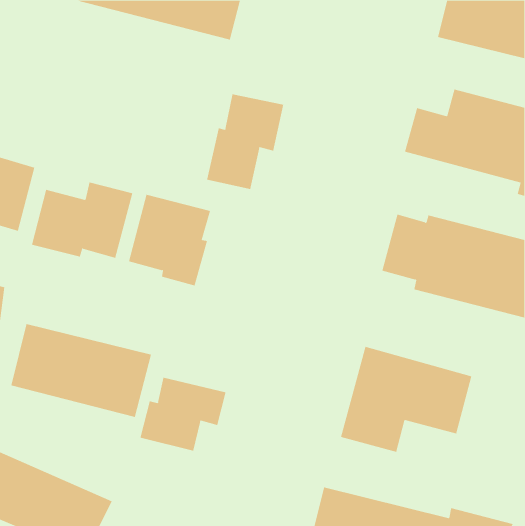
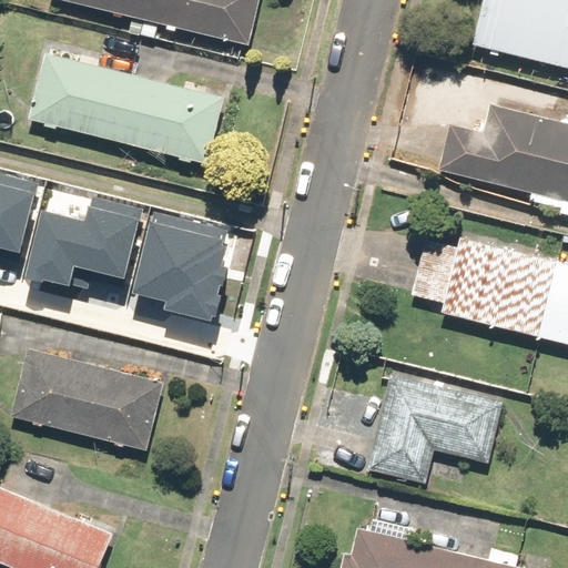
building: none -> [27,54,224,163]
building: [206,94,284,190] -> none
building: [140,377,226,451] -> none

